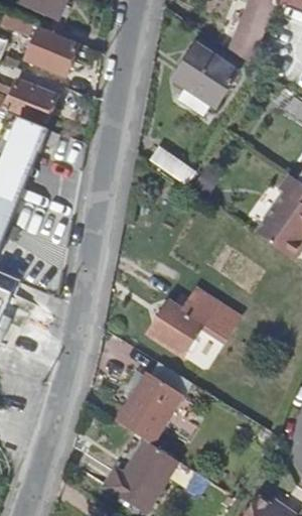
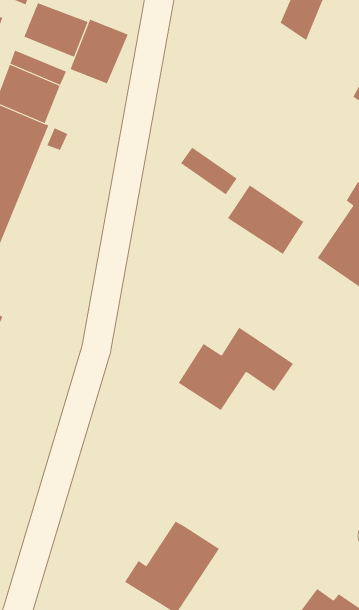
building: none -> [70,19,128,84]
building: [177,45,238,117] -> none
building: none -> [227,184,304,255]
building: [117,372,186,444] -> none

